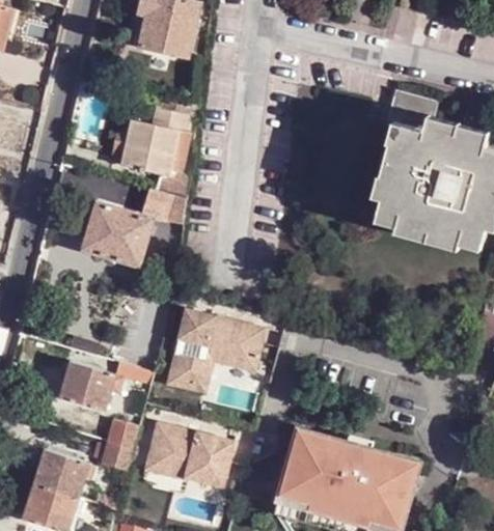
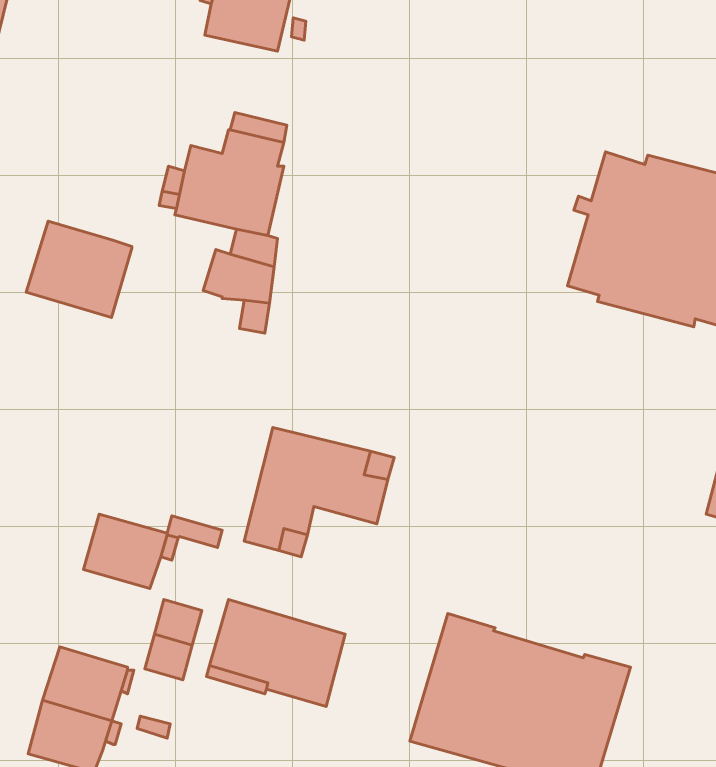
building: [387,90,438,132] -> none
building: [82,202,152,266] -> [26,221,132,317]

